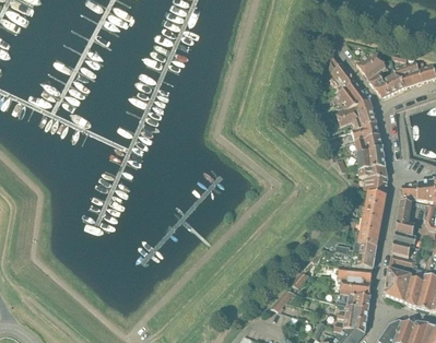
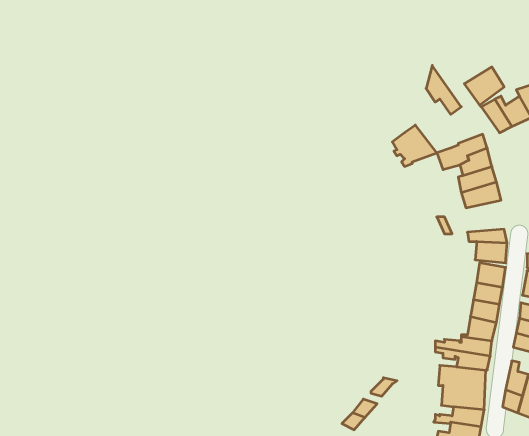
building: [337,82,368,111] -> [392,125,437,166]
building: [356,149,384,172] -> none

